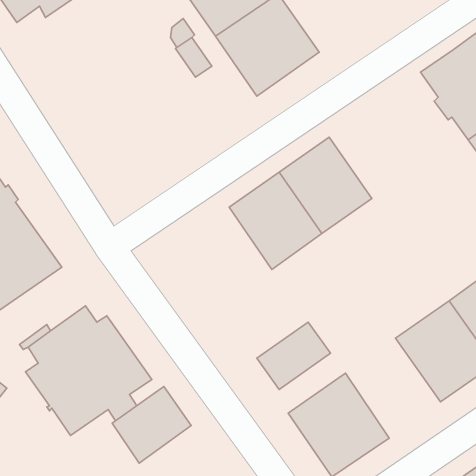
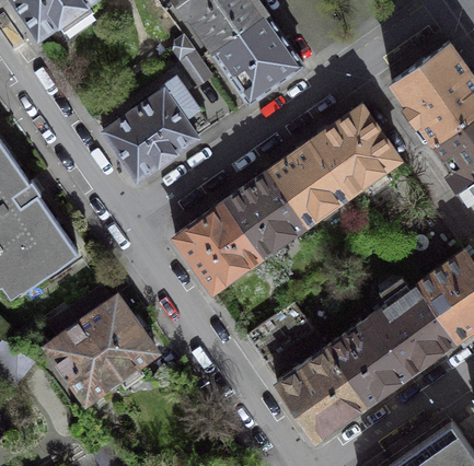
building: none -> [100,80,207,190]
building: none -> [312,106,400,195]
building: none -> [175,202,262,291]
building: none -> [326,317,409,405]
building: [112,387,191,463] -> none

